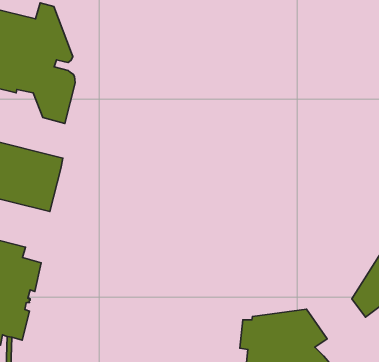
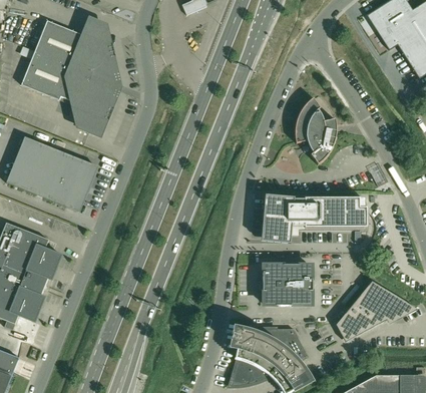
building: none -> [295,97,336,164]
building: none -> [261,194,367,244]
building: none -> [263,264,313,305]

